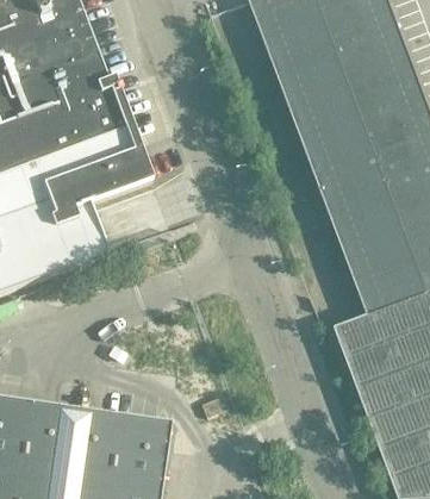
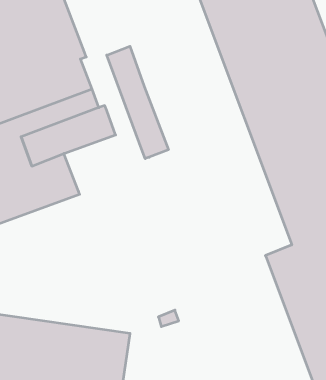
building: none -> [107,46,168,159]

